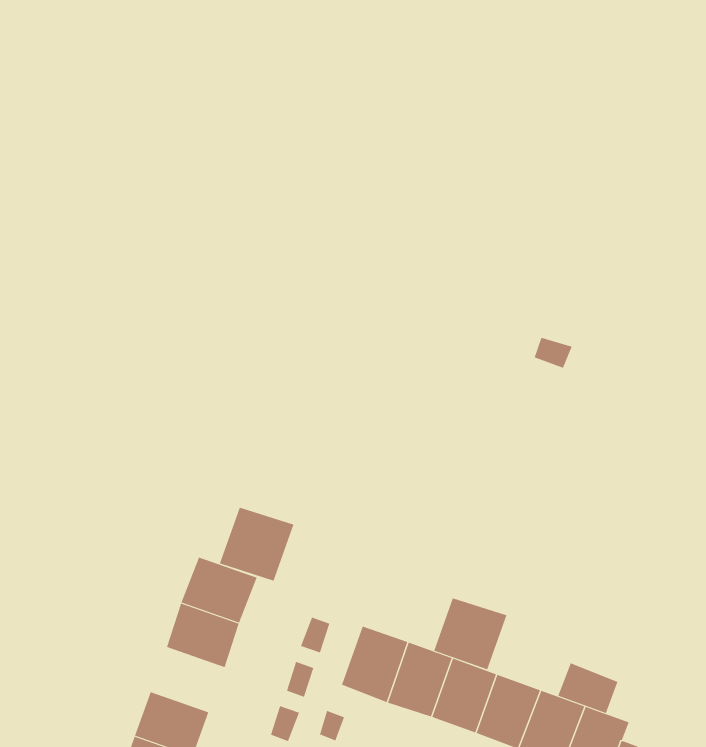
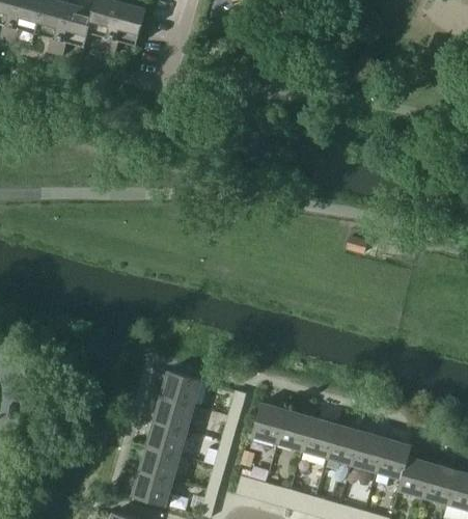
building: [219,507,294,581] -> none
building: [434,597,507,670] -> none
building: none -> [146,420,187,455]
building: [558,663,618,714] -> none

